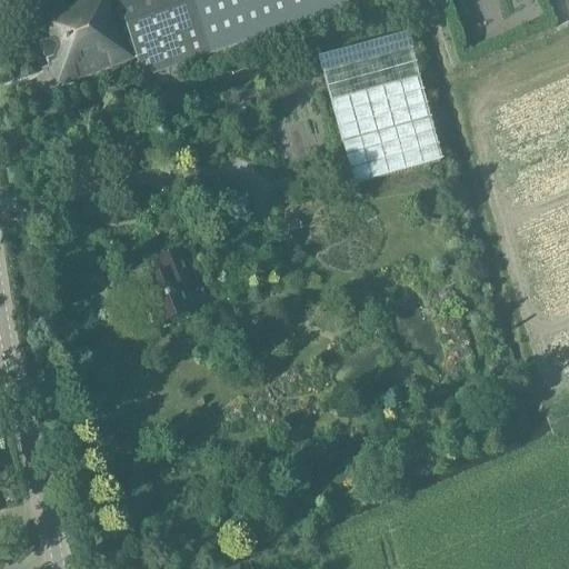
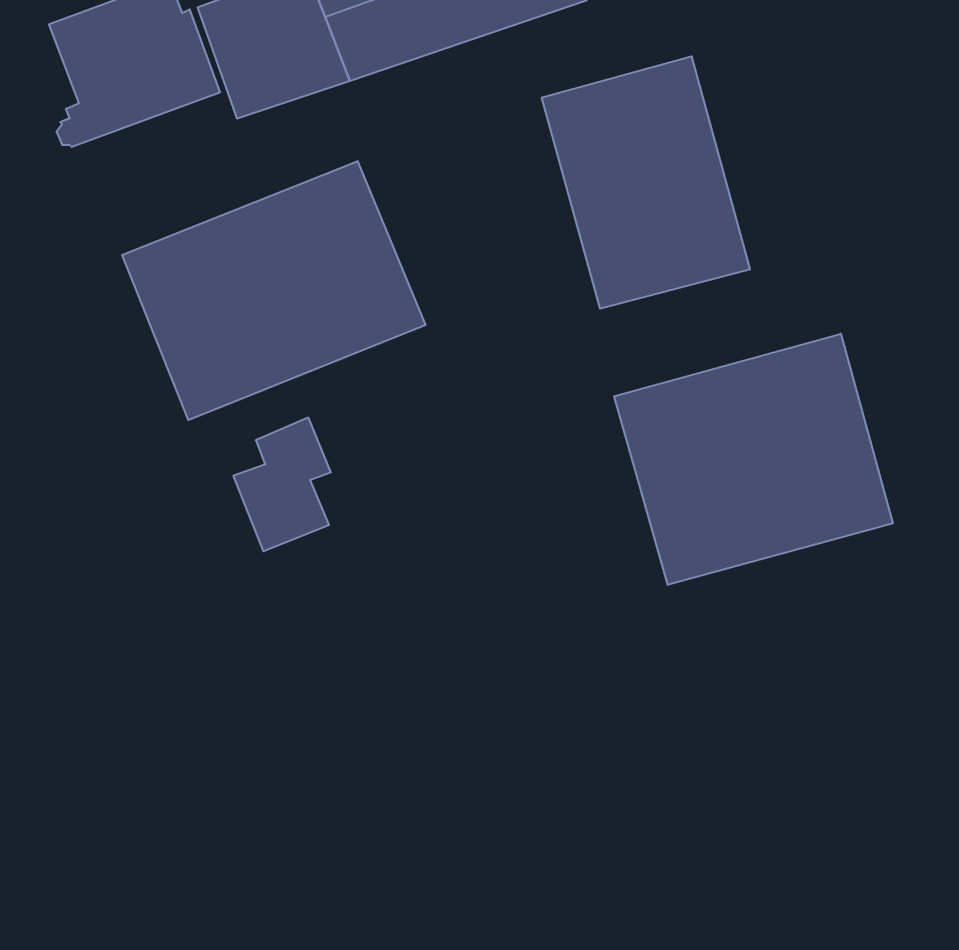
building: none -> [122,161,425,420]
building: none -> [614,334,893,585]

